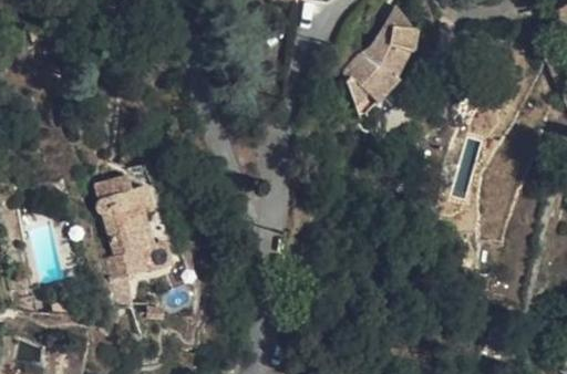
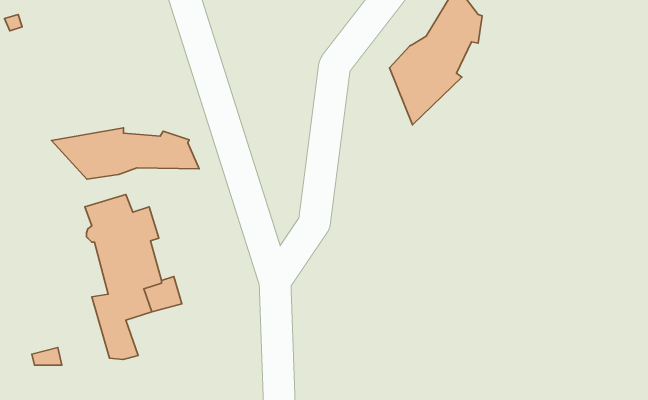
building: none -> [51,128,199,179]

